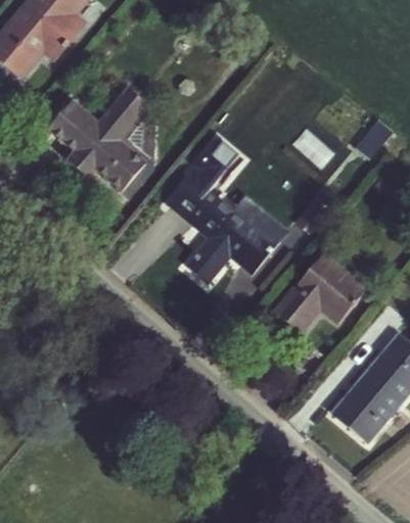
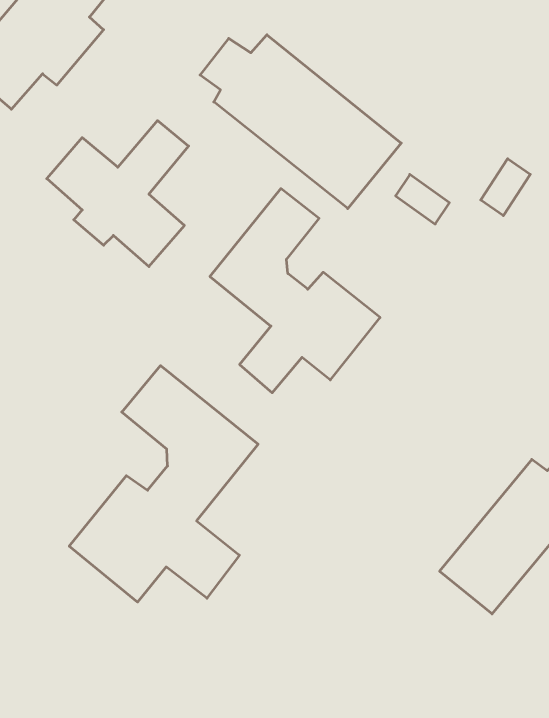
building: none -> [200,35,401,209]
building: [272,251,367,334] -> none
building: none -> [69,366,258,602]

